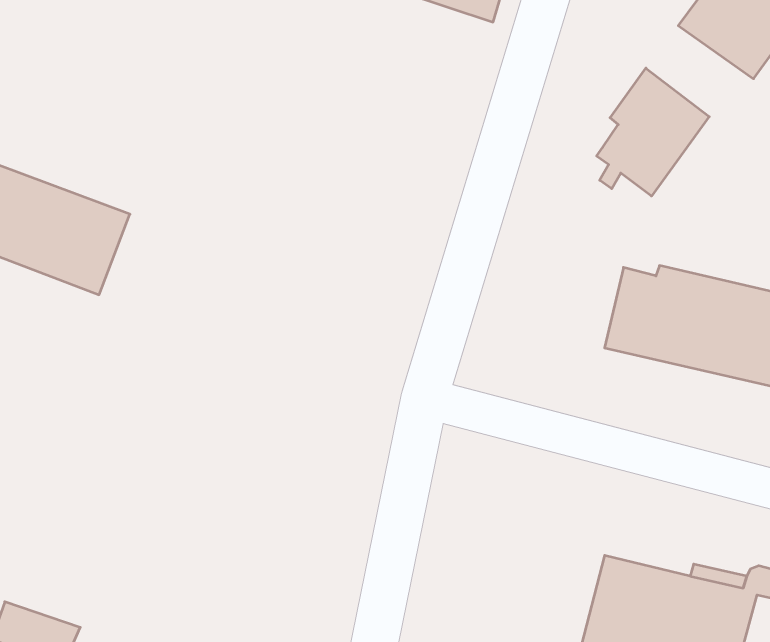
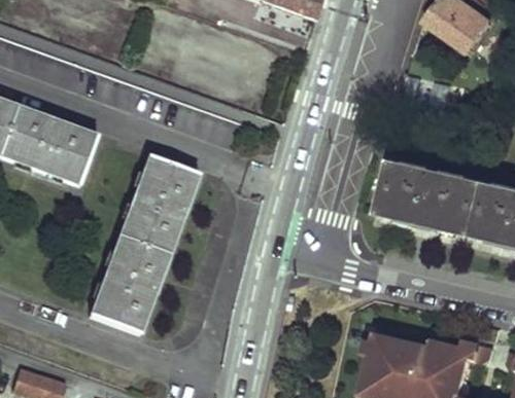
building: [597,68,709,196] -> none
building: none -> [89,156,198,333]

